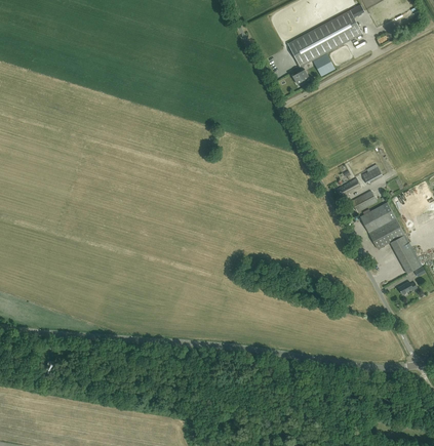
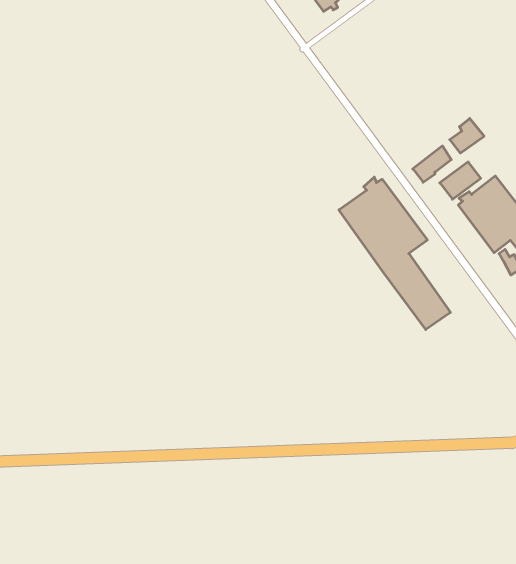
building: none -> [339,177,450,330]

